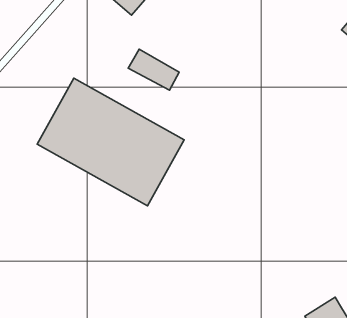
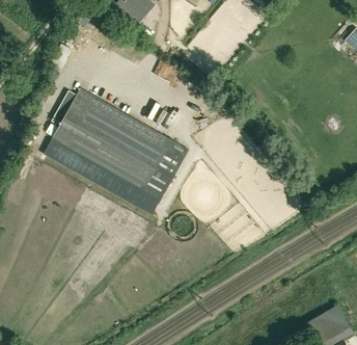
building: [128,49,179,90] -> none

